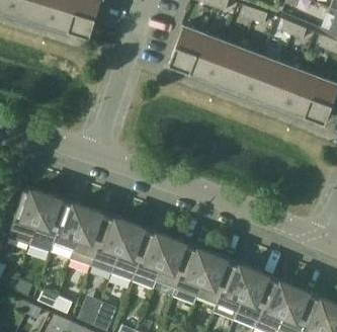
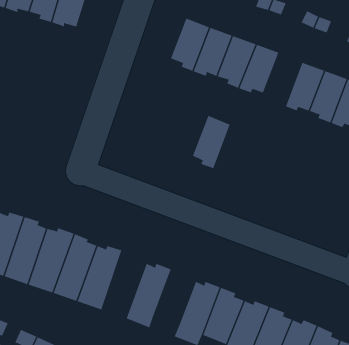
building: [249,56,281,101] -> [192,115,231,169]
building: [112,223,150,280] -> none
building: [156,239,191,286] -> none

